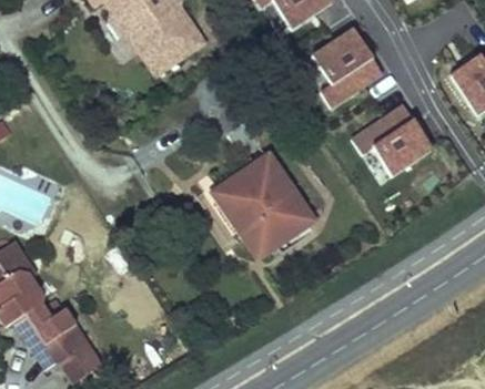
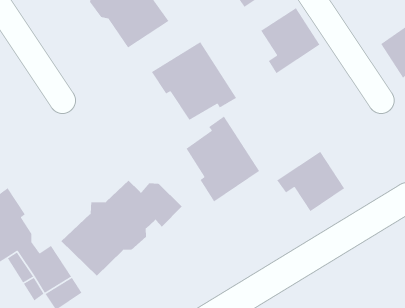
building: none -> [151,41,237,121]
building: [351,102,432,174] -> [276,151,345,212]
building: none -> [61,180,183,277]

